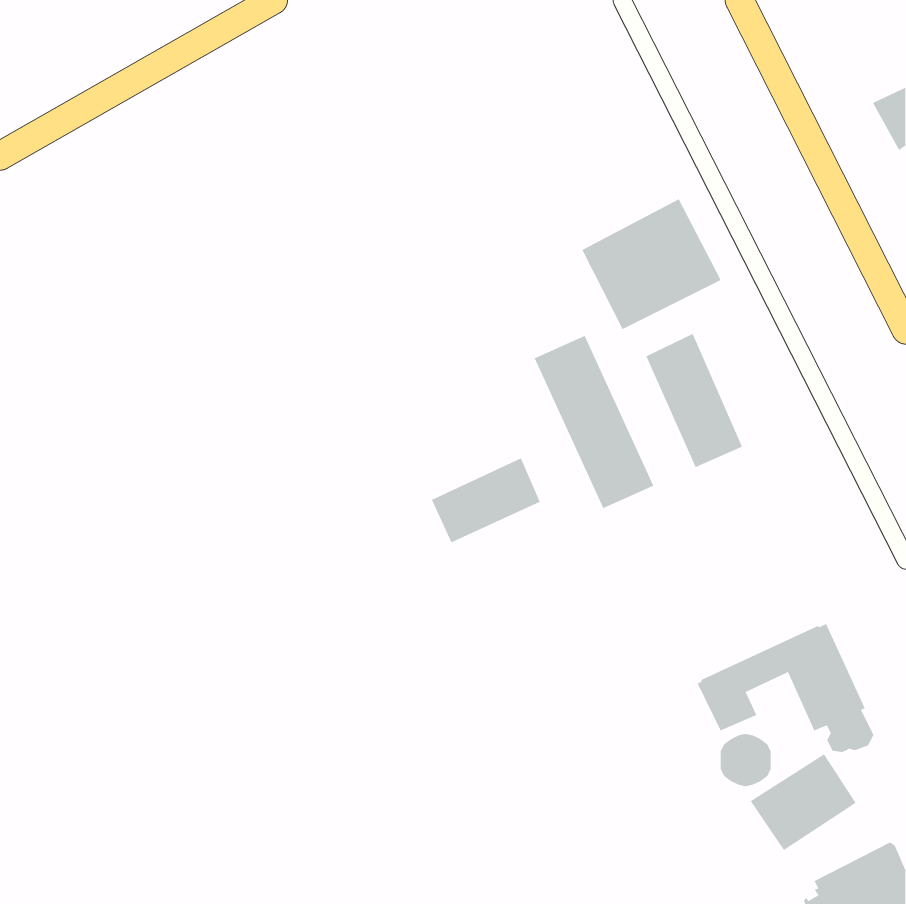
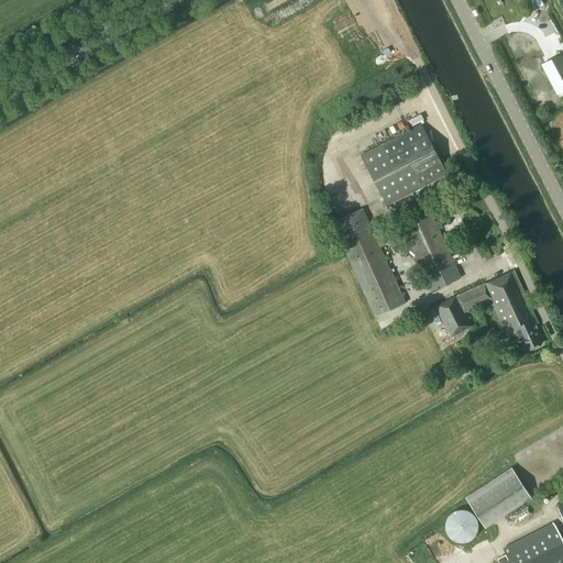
building: [431,457,540,543] -> none
building: [697,623,874,753] -> [435,271,545,351]
building: [720,734,771,787] -> [445,510,477,543]

